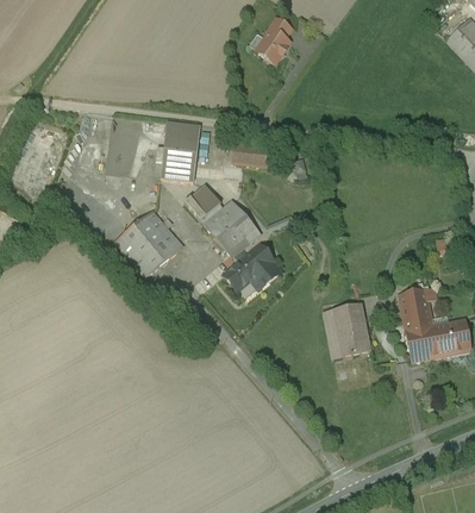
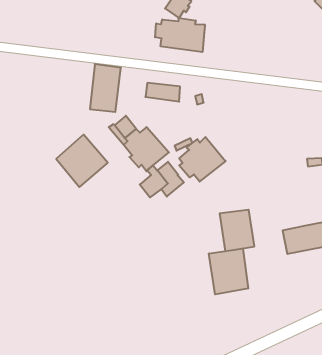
building: none -> [155,18,205,52]
building: none -> [179,137,226,182]
building: [399,287,437,331] -> none
building: none -> [209,248,248,294]

